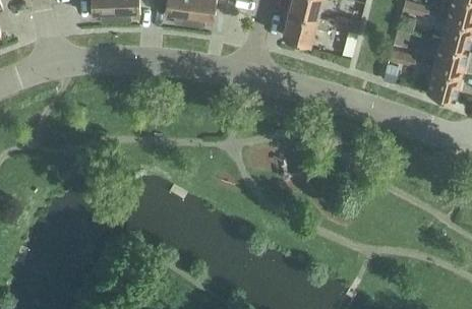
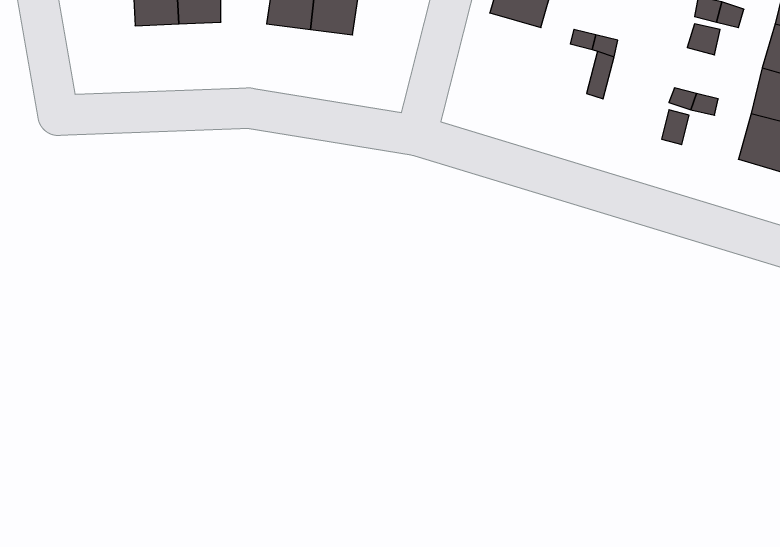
building: [282,8,328,42] -> none

